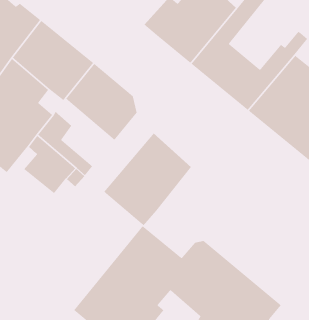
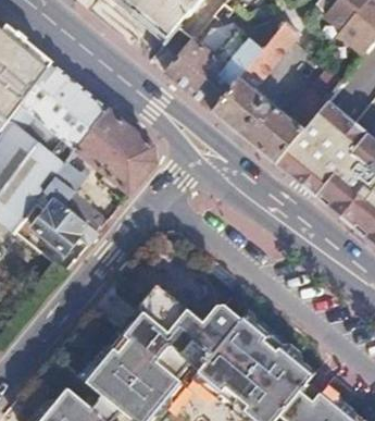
building: [103,132,192,226] -> none

